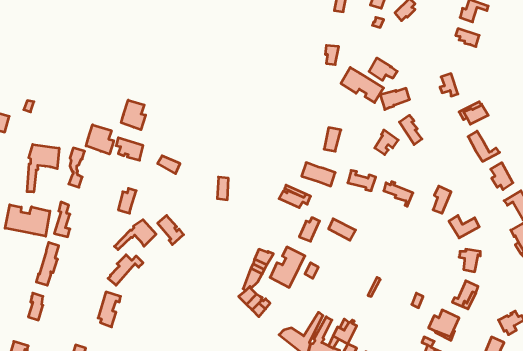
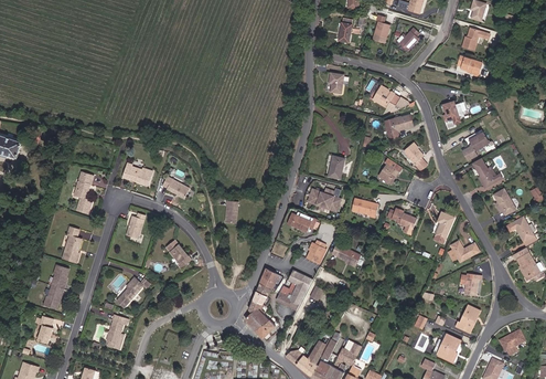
building: [341,67,384,103] -> none
building: [121,100,146,130] -> none
building: [86,125,114,154] -> none
building: [27,144,59,192] -> none
building: [5,205,50,236] -> none
building: [114,220,156,250] -> none

